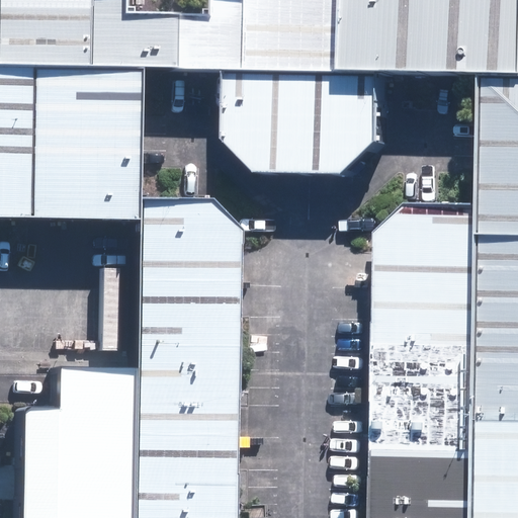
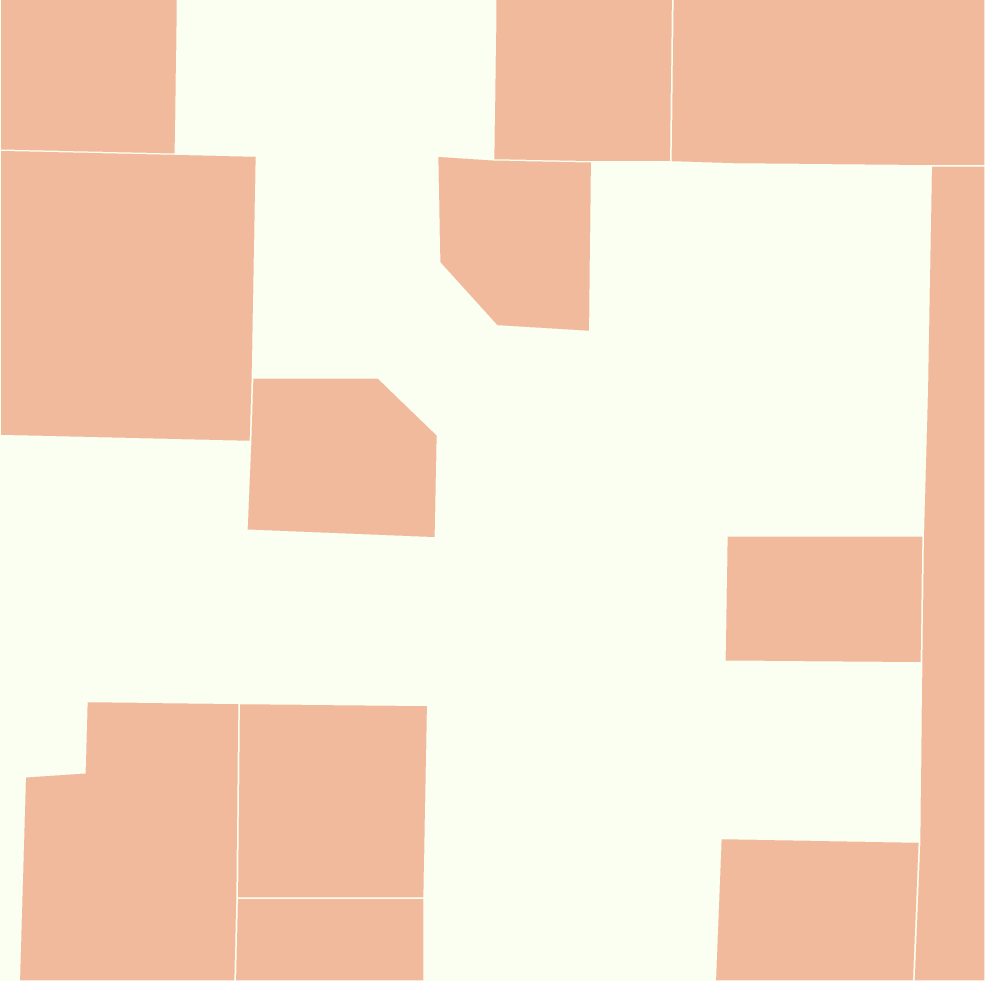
building: [92,8,260,84] -> none
building: [310,85,384,174] -> none
building: [381,204,487,281] -> none
building: [125,278,229,370] -> none
building: [378,347,484,442] -> none

